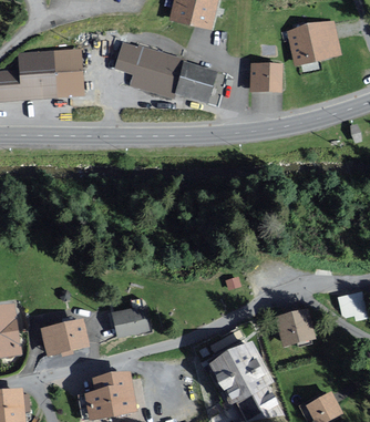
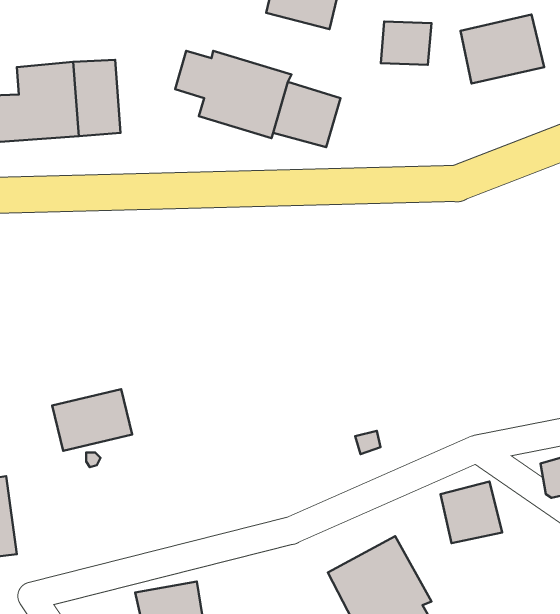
building: [250,68,281,94] -> [381,21,432,65]
building: [111,309,148,340] -> none
building: [40,318,89,356] -> [52,389,132,451]

